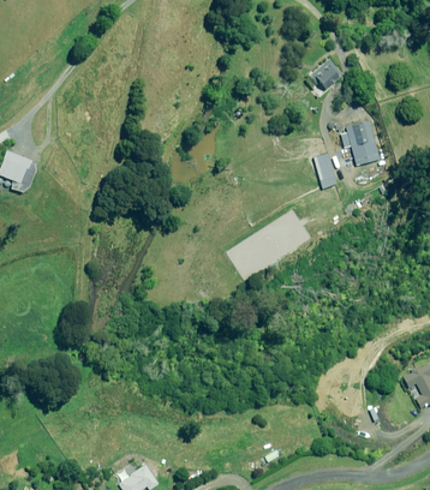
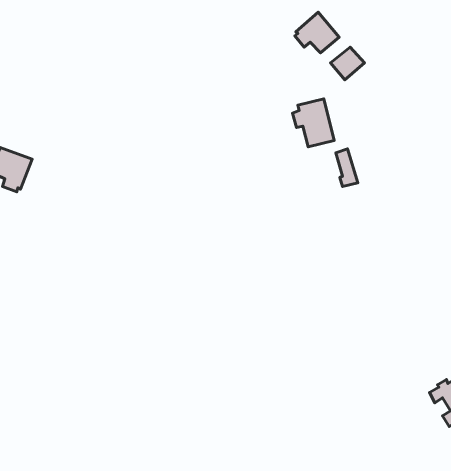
building: none -> [295,12,339,53]
building: [341,120,380,165] -> [293,99,334,147]

